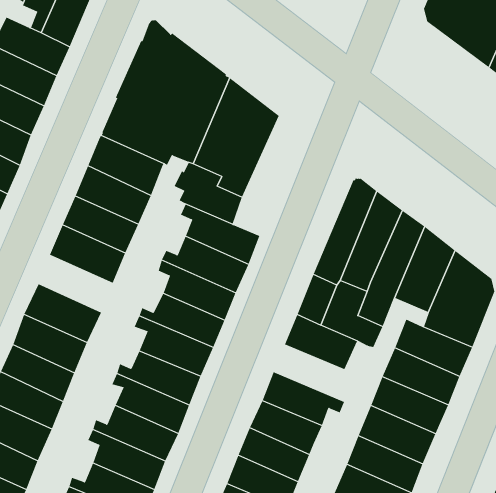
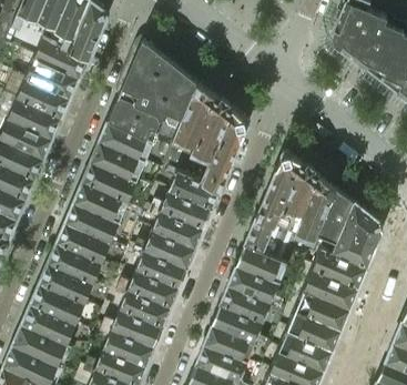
building: none -> [199,111,246,194]
building: none -> [63,207,115,247]
building: none -> [226,270,278,310]

